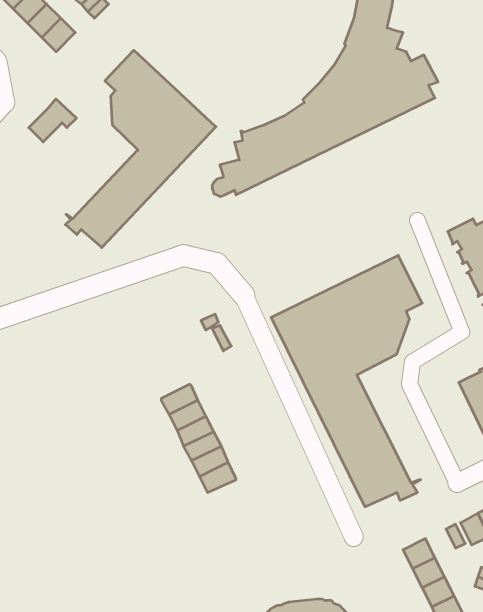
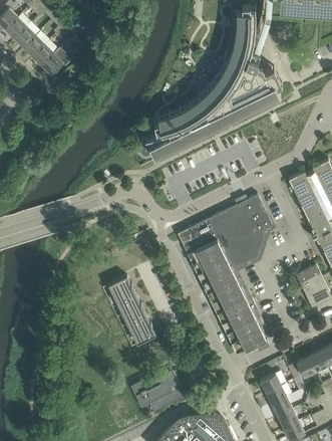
building: [65,50,216,248] -> none
building: [29,99,76,142] -> [42,48,72,75]
building: none -> [131,371,187,413]

